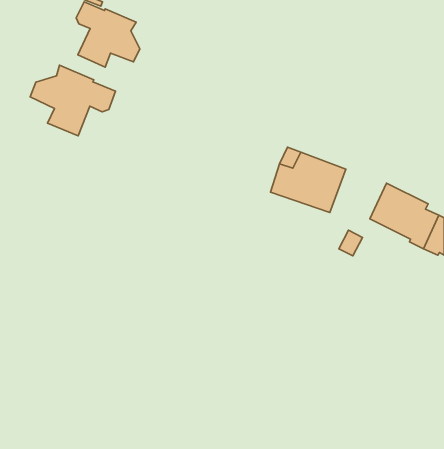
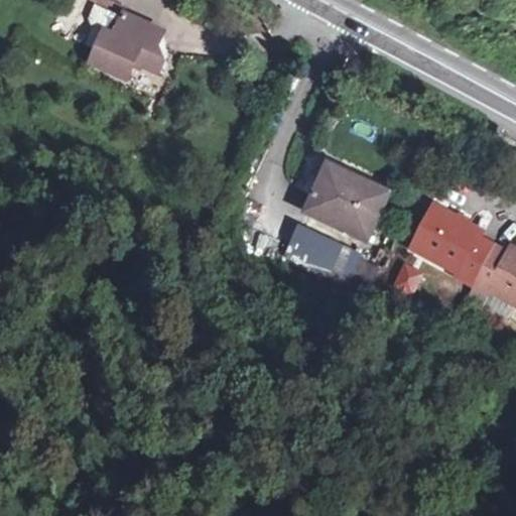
building: [30,65,115,136] -> none
building: none -> [276,222,340,273]

